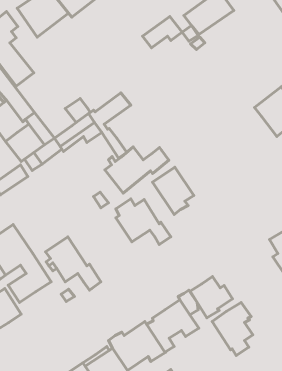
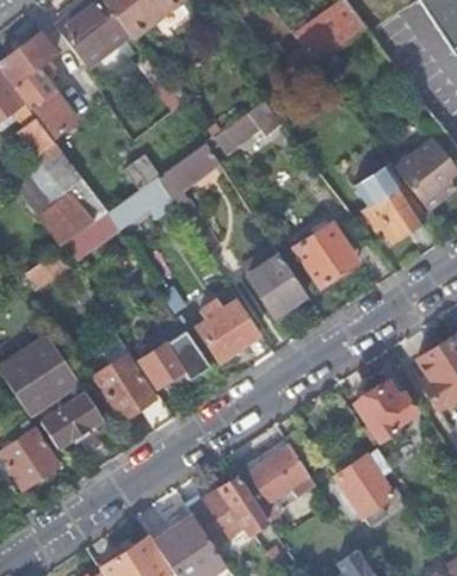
building: [142,16,182,48] -> [223,100,280,145]
building: none -> [360,161,425,240]
building: none -> [294,222,359,286]
building: [105,147,169,193] -> none
building: none -> [141,330,210,385]
building: [190,276,233,318] -> [354,379,415,439]

